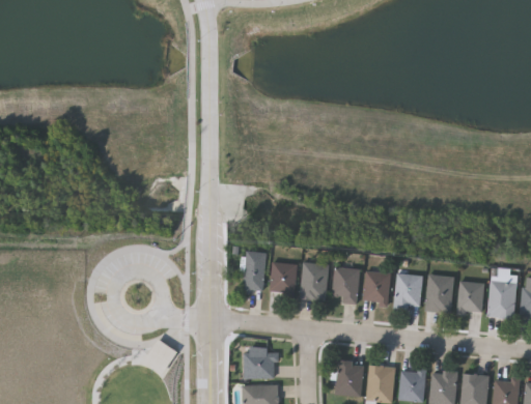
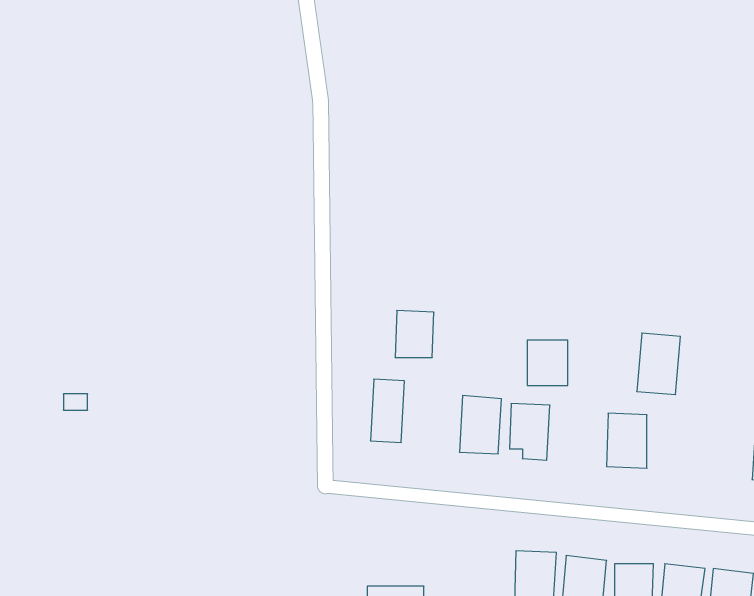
building: [271,262,296,292] -> [395,311,434,357]
building: [364,271,390,300] -> [527,340,568,385]
building: [425,273,453,313] -> [637,333,680,395]
building: [457,281,484,314] -> none
building: [244,353,276,378] -> none

